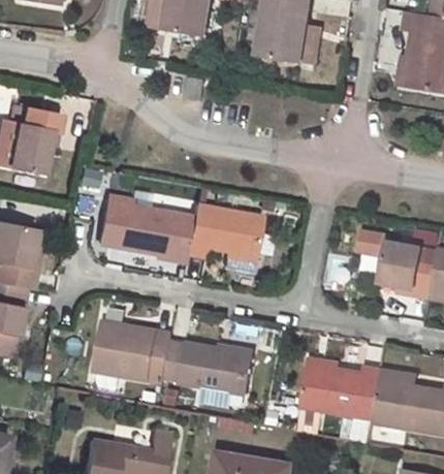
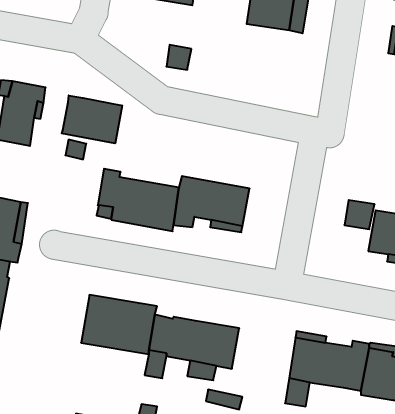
building: none -> [62,95,122,143]

